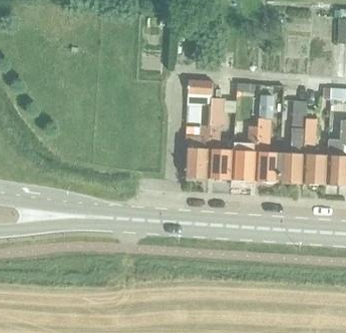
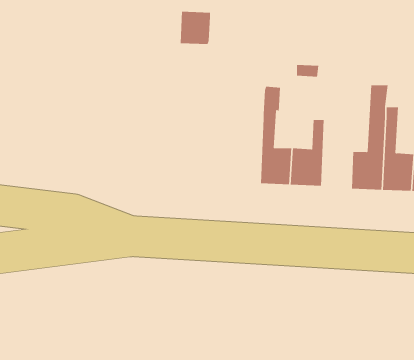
building: [189,78,213,104] -> [180,11,211,45]
building: [256,94,280,182] -> none
building: [184,125,210,178] -> none

